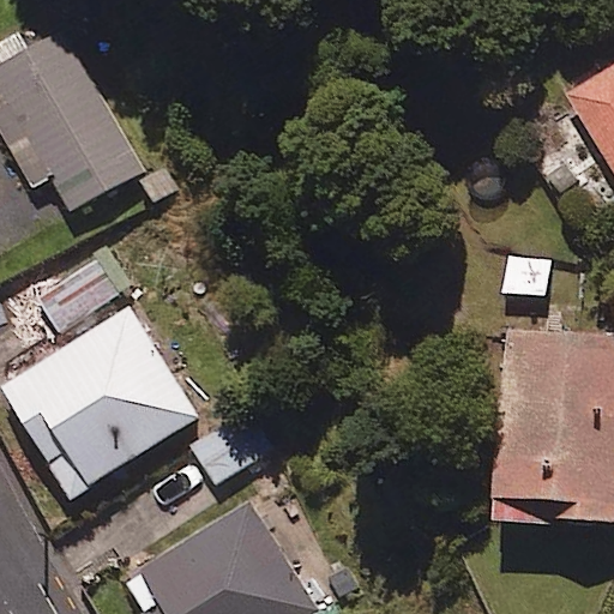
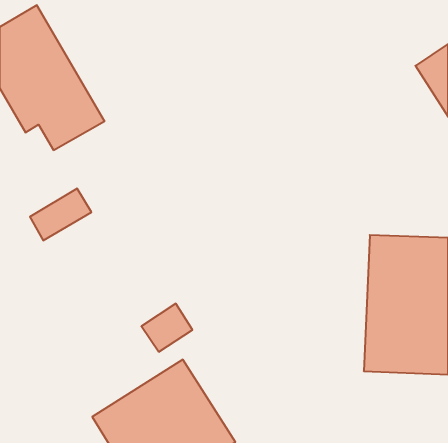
building: [5,306,201,496] -> none

